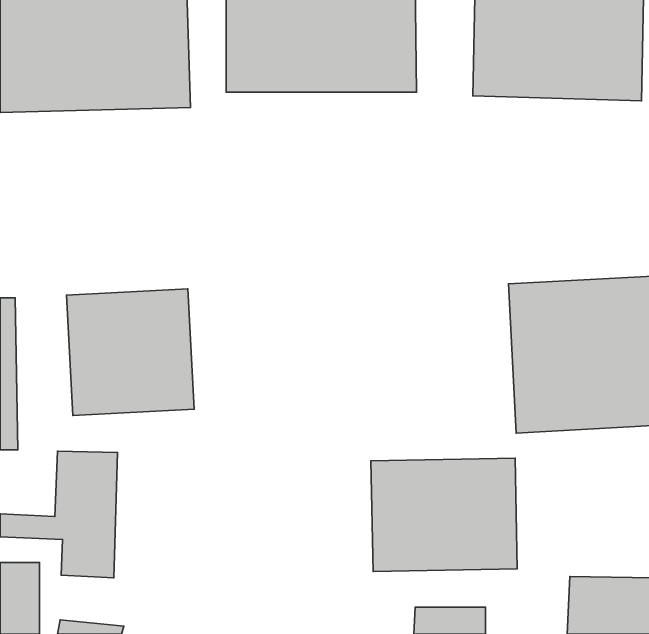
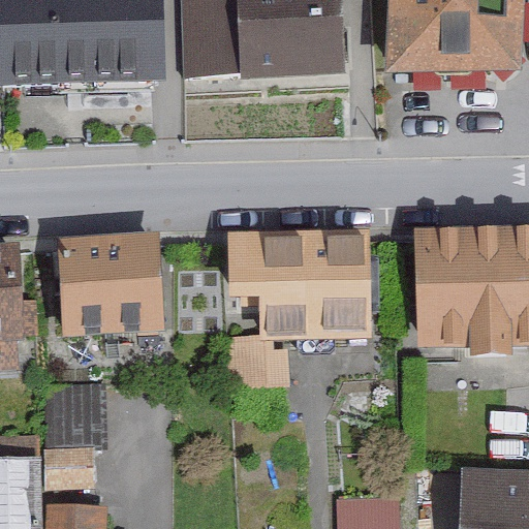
building: none -> [224,230,372,387]
building: [371,458,517,572] -> none

